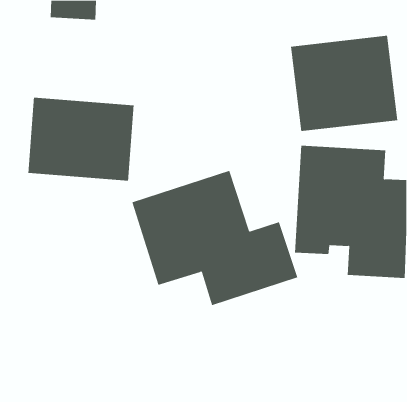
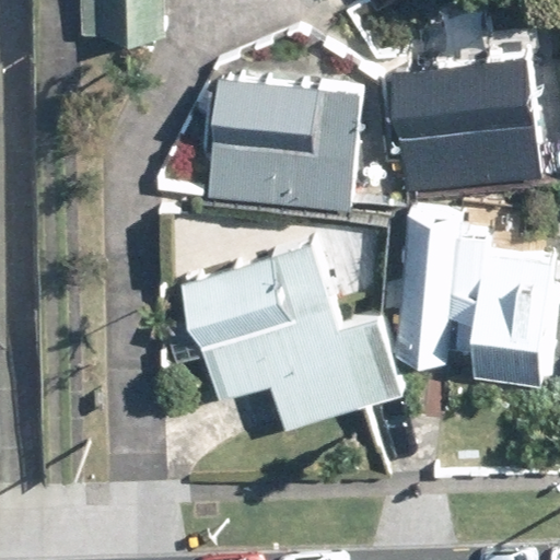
building: none -> [205,75,361,211]
building: [28,97,134,182] -> none

